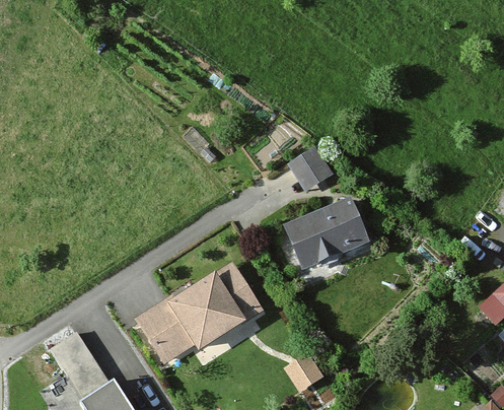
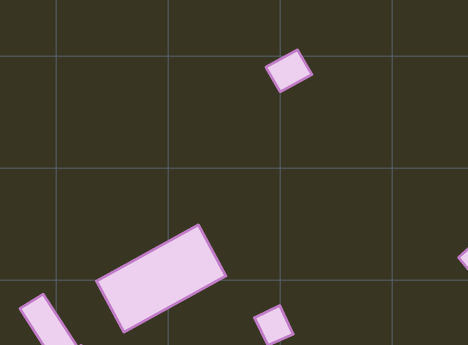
building: [287,150,333,192] -> [266,50,312,92]
building: [281,204,360,271] -> none

